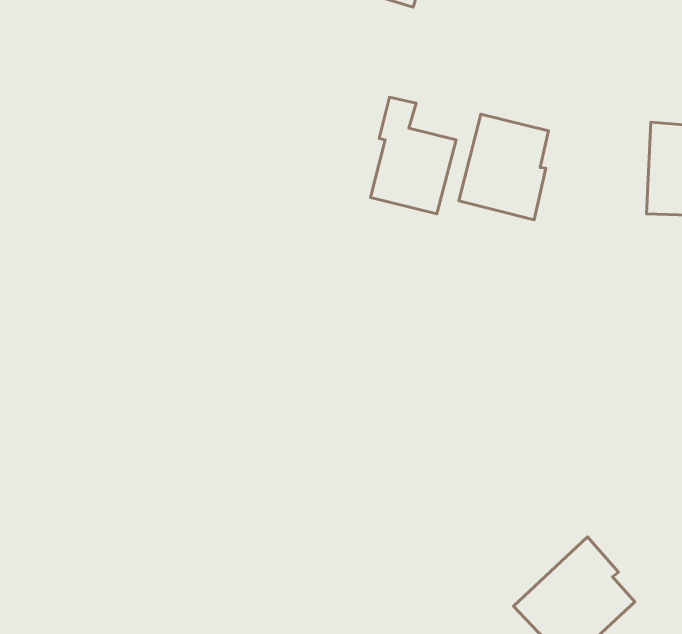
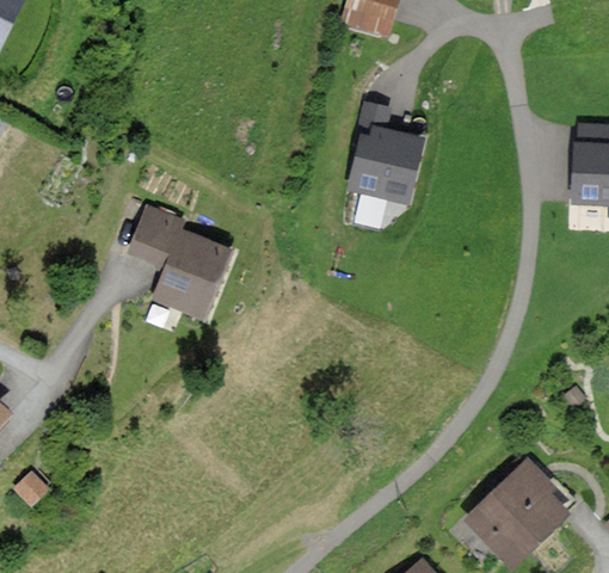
building: [459,114,548,220] -> none
building: none -> [131,209,227,313]

